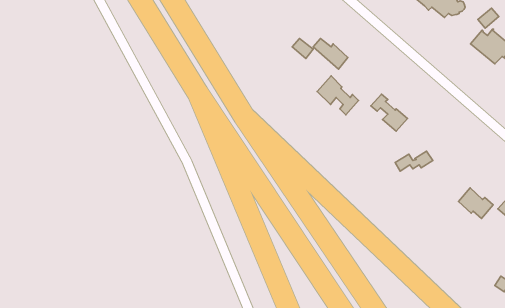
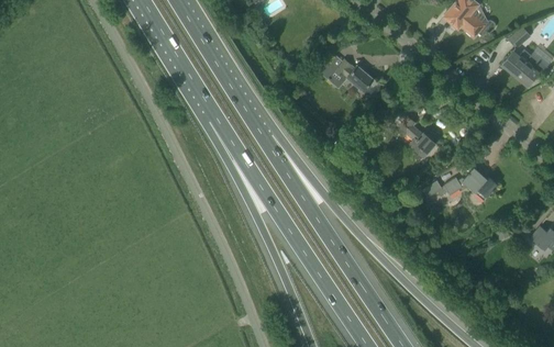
building: [317,76,359,115] -> none
building: [459,188,493,218] -> [462,167,498,199]

